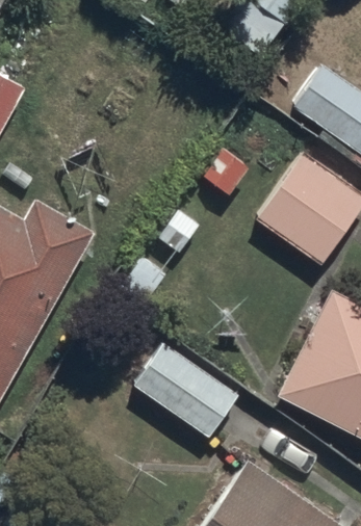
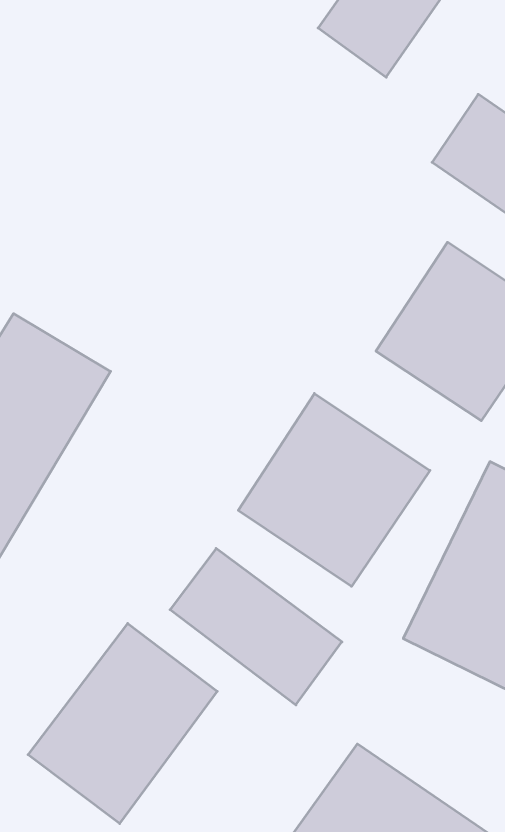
building: none -> [238,393,430,586]
building: none -> [28,623,217,824]

